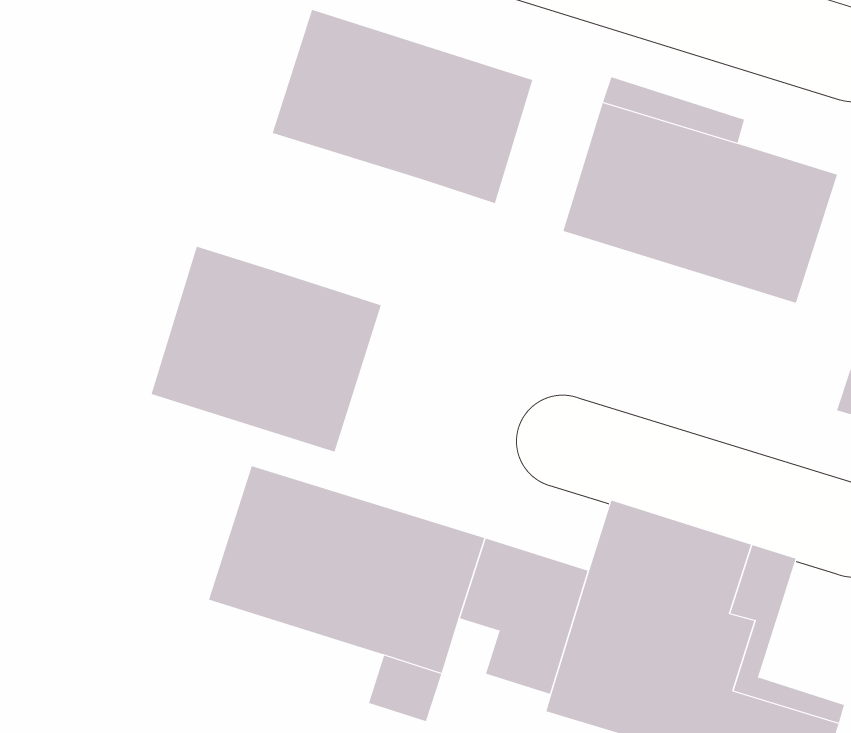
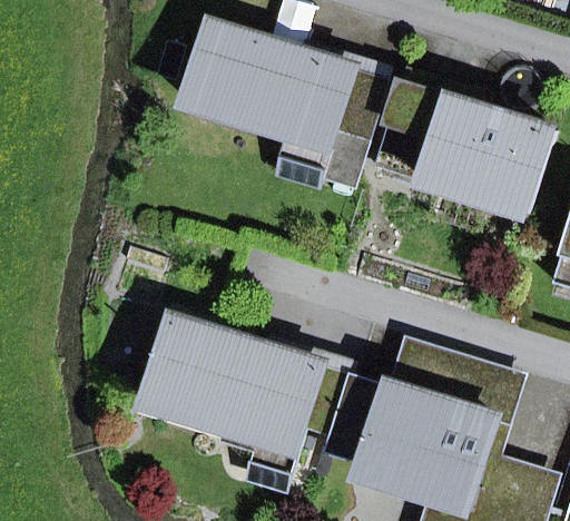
building: none -> [275,70,389,191]
building: [151,246,382,453] -> none

